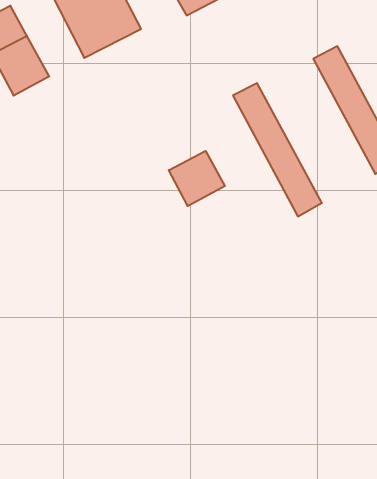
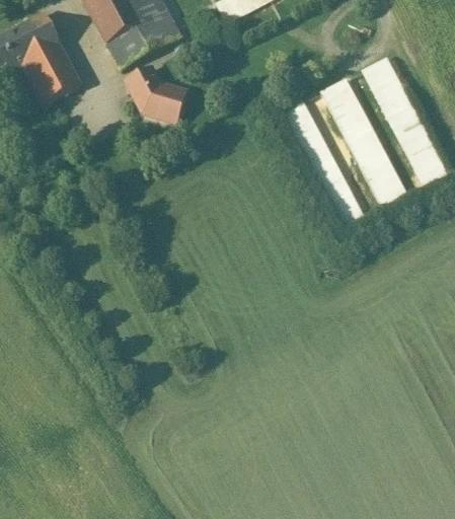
building: none -> [121,60,185,121]
building: none -> [319,74,408,209]
building: [169,151,225,206] -> none

